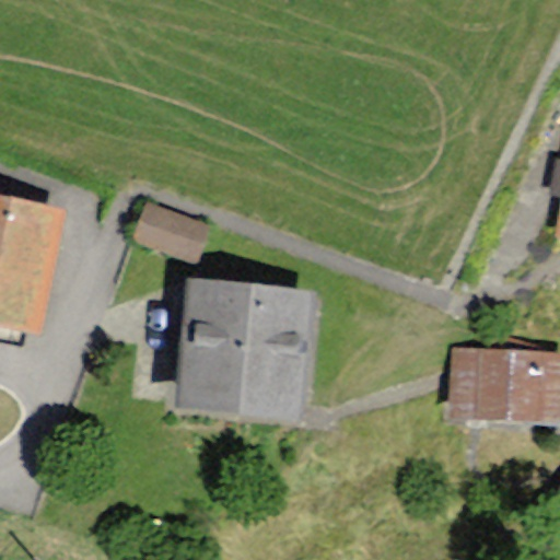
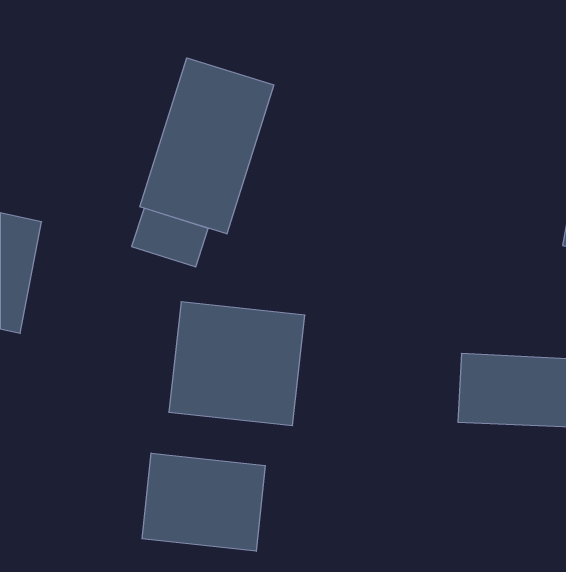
building: none -> [140,58,274,234]
building: none -> [142,453,265,551]

